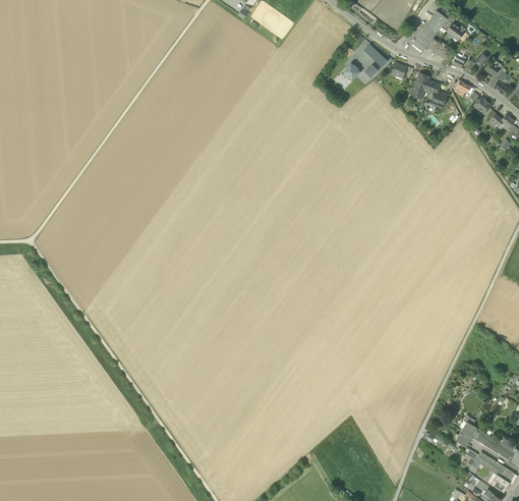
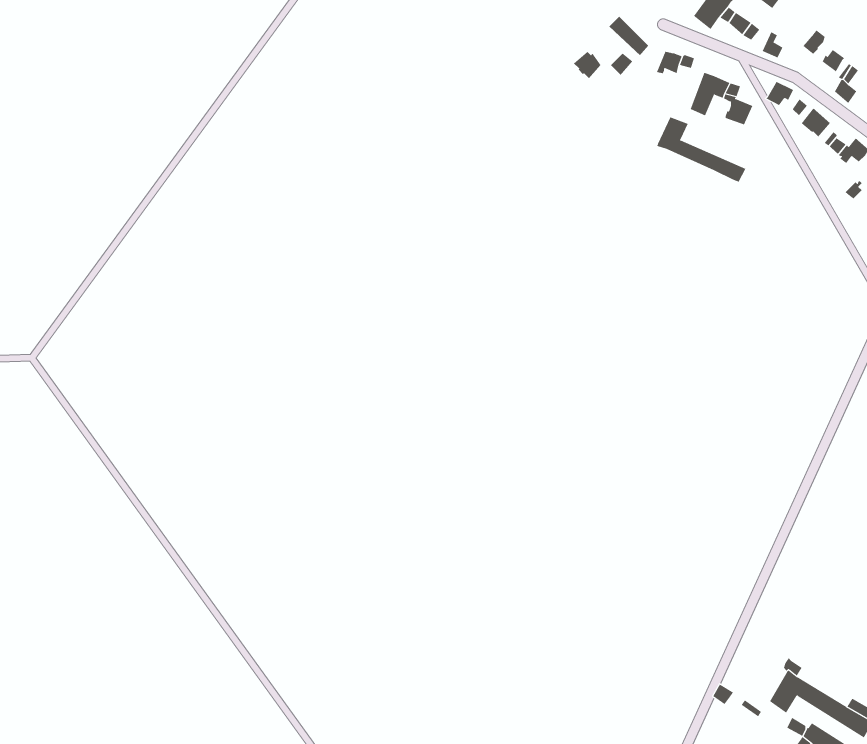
building: none -> [657,117,746,183]

